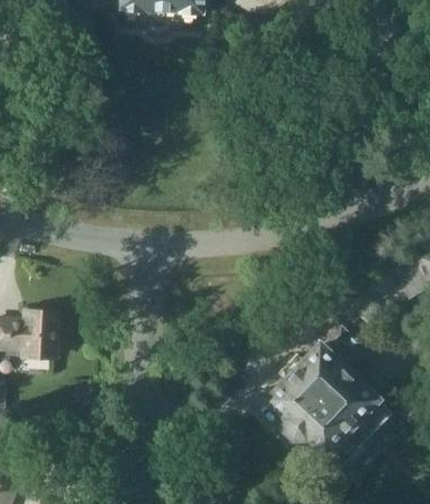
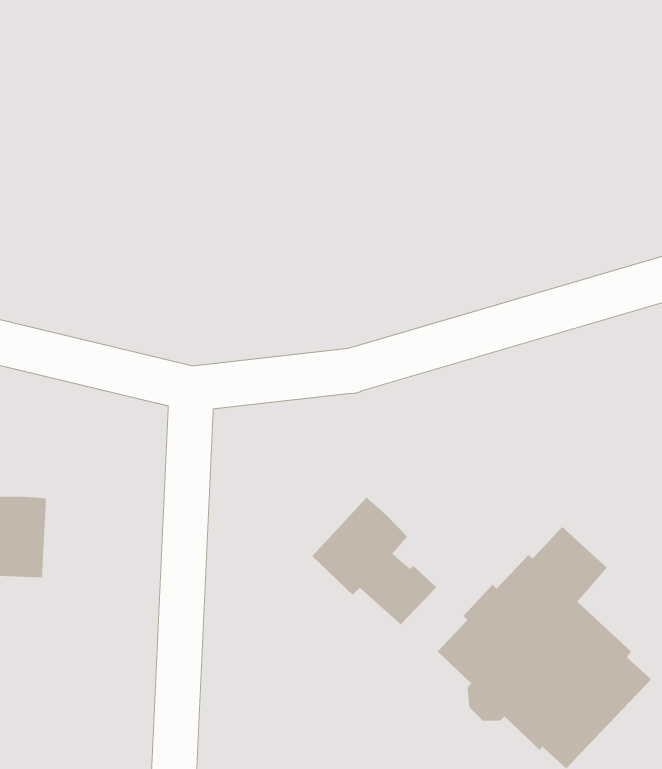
building: none -> [311,497,437,625]

